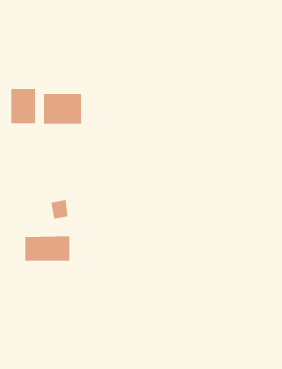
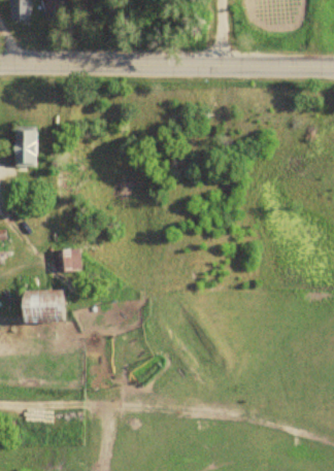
building: [43,93,82,125] -> none

